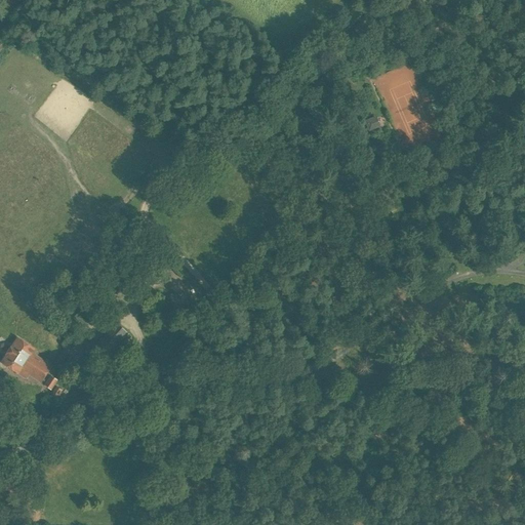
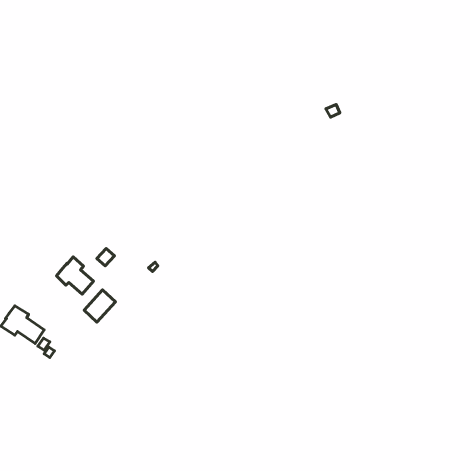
building: none -> [56,257,94,294]

